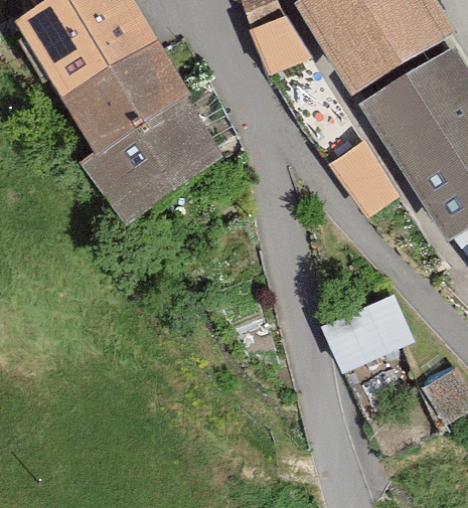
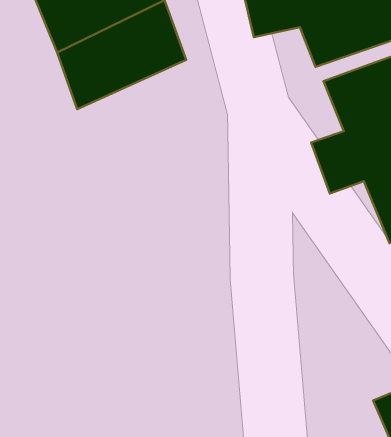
building: [85,92,227,228] -> none
building: [324,292,418,371] -> none

